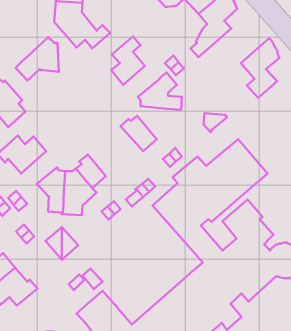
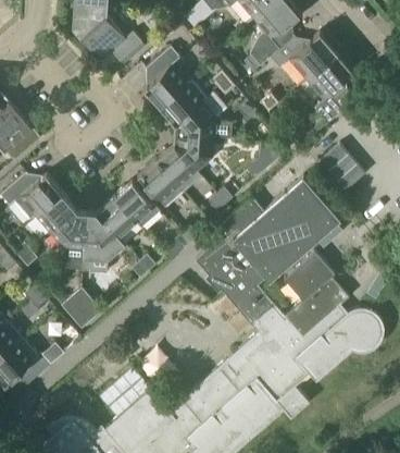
building: none -> [271,33,342,81]
building: [16,37,59,80] -> none
building: none -> [159,79,207,123]
building: none -> [176,135,214,172]
building: none -> [320,144,364,191]
building: none -> [139,160,184,208]
building: none -> [114,183,160,228]
building: none -> [35,192,75,233]

